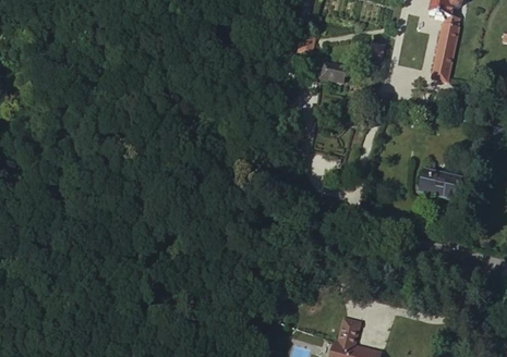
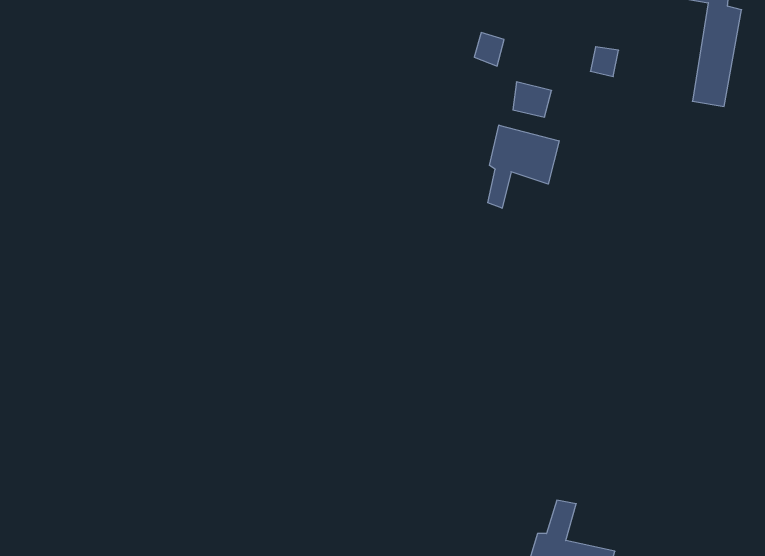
building: none -> [488,125,559,208]
building: [418,167,462,200] -> none

